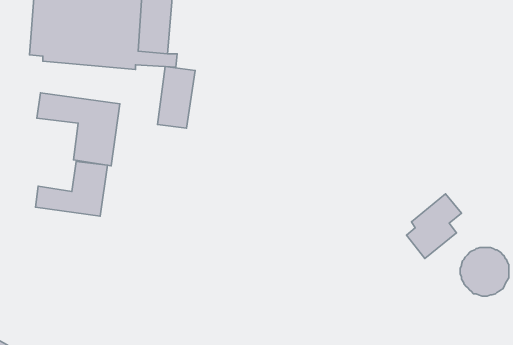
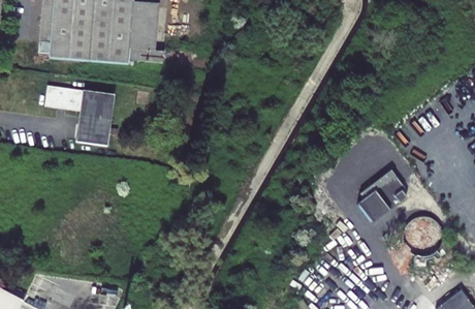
building: [157,66,195,128] -> none
building: [35,162,107,216] -> none

